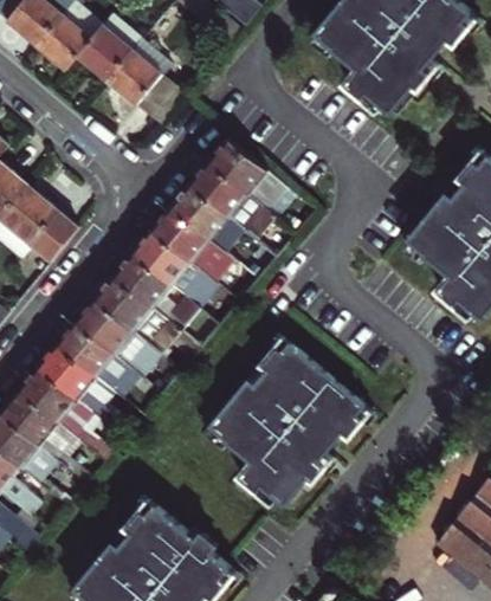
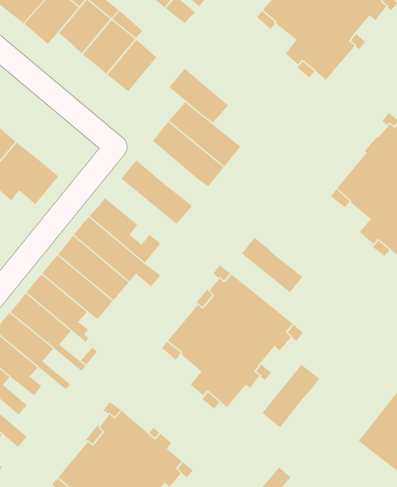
building: [172,185,244,251] -> [169,68,229,123]
building: [134,230,220,308] -> none
building: none -> [241,237,303,293]
building: none -> [262,364,320,428]

